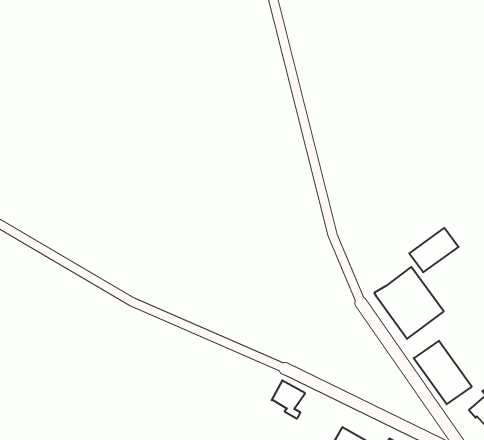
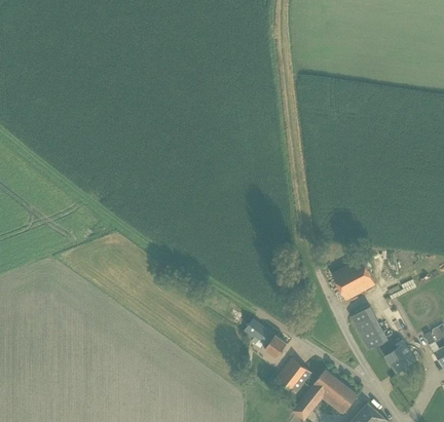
building: [409,228,459,272] -> none
building: none -> [259,331,287,358]

